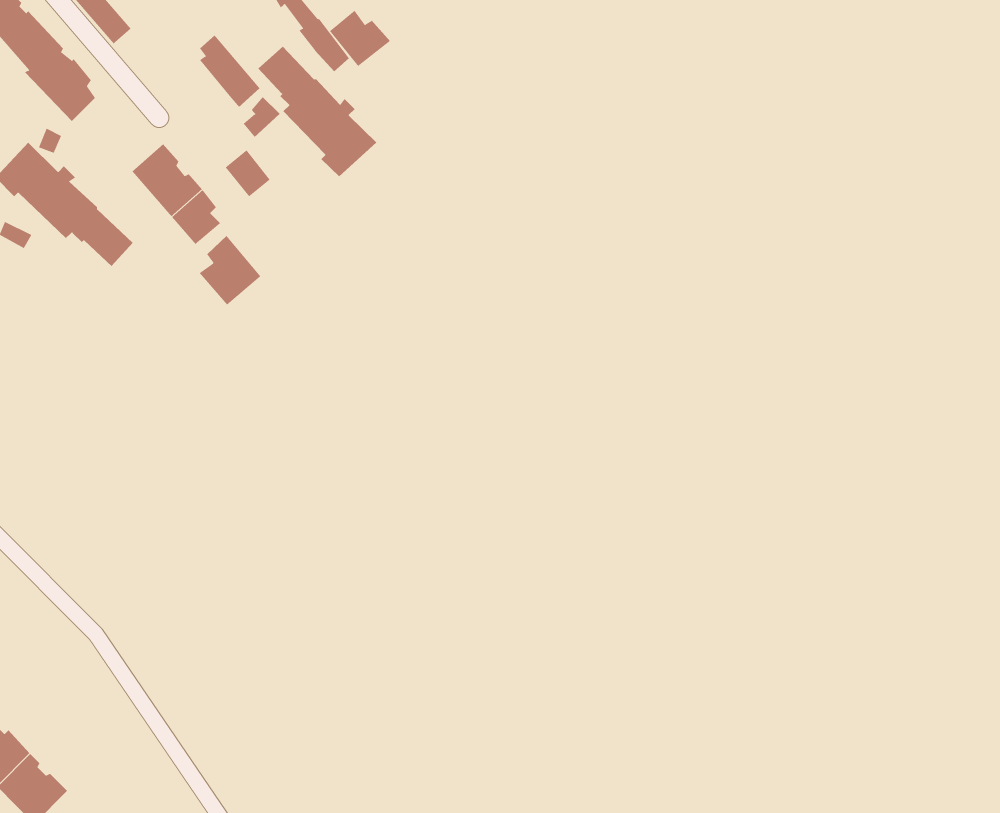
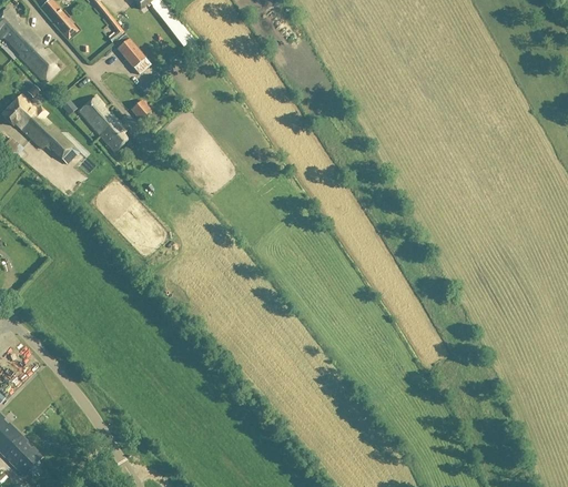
building: [329,10,391,67] -> none
building: [258,46,377,177] -> none
building: [199,235,261,305] -> none

